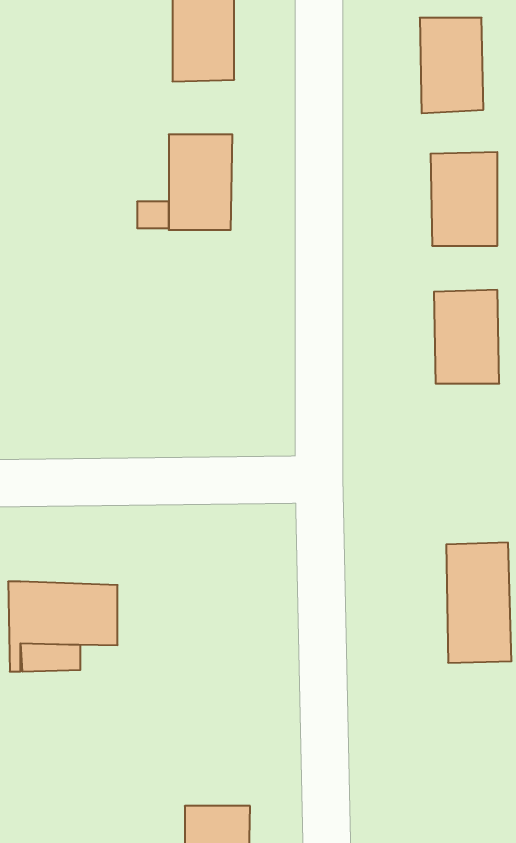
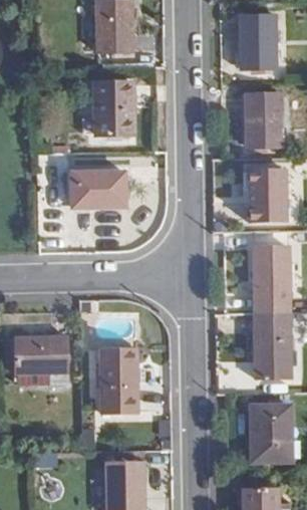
building: none -> [71,172,124,207]
building: none -> [254,250,290,314]
building: none -> [102,348,137,415]
building: none -> [251,406,290,462]

